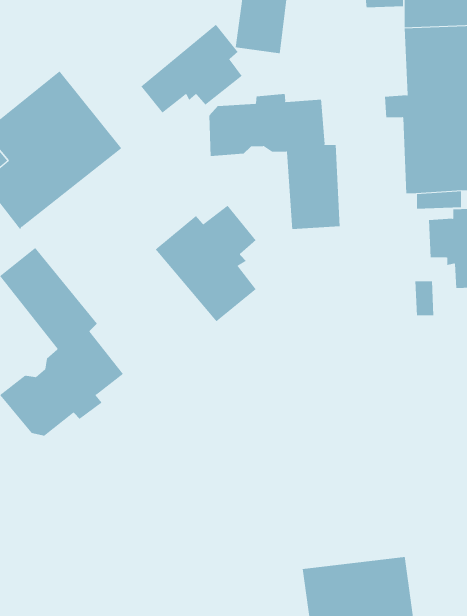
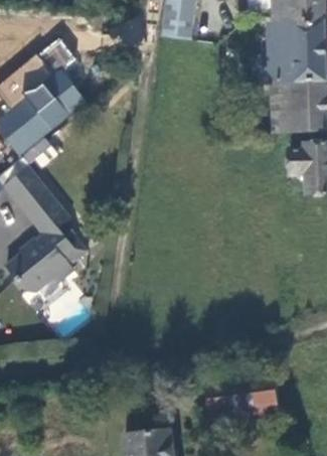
building: [141,24,242,113] -> none
building: [209,93,340,230] -> none
building: [155,205,256,322] -> none

